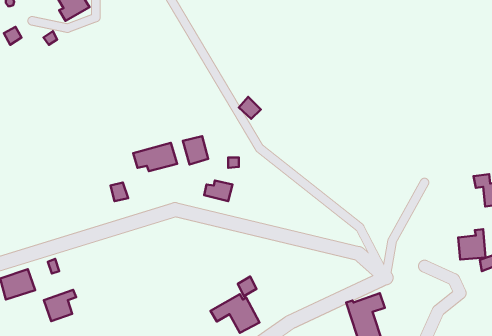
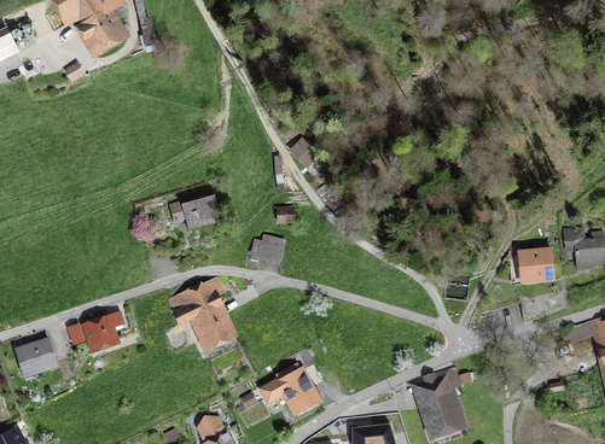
building: [183,136,208,164] -> none
building: none -> [169,279,229,344]
building: [458,229,485,259] -> [520,245,552,280]
building: [44,290,76,321] -> [85,314,122,350]

